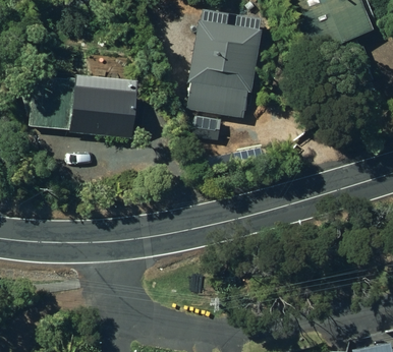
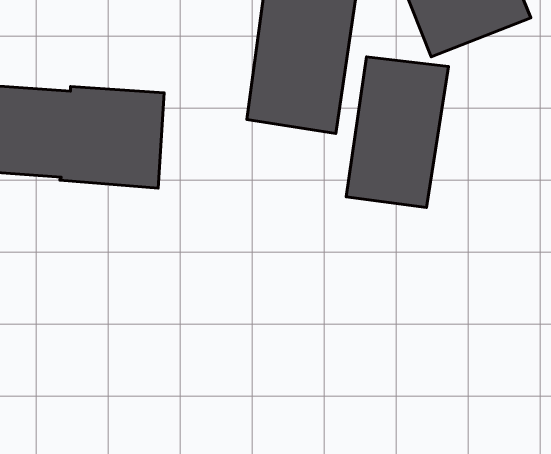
building: none -> [346,57,449,207]

